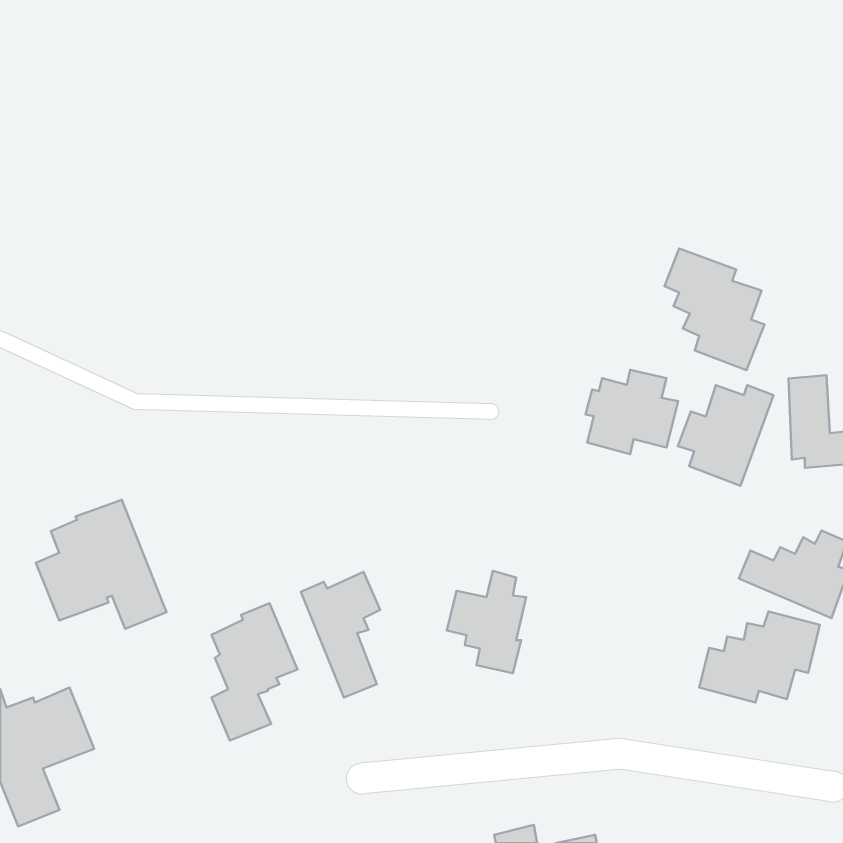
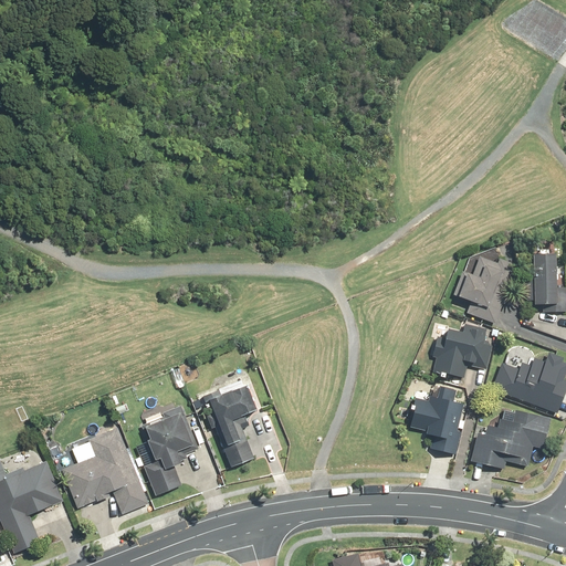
building: [665,248,764,370] -> none
building: [585,370,678,454] -> [434,322,496,378]
building: [36,500,166,629] -> [62,427,149,513]
building: [447,571,526,673] -> [409,385,462,453]

